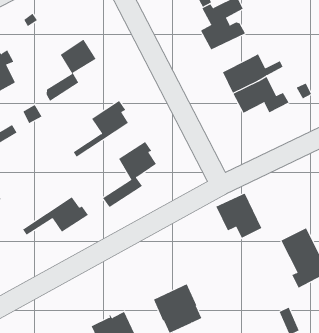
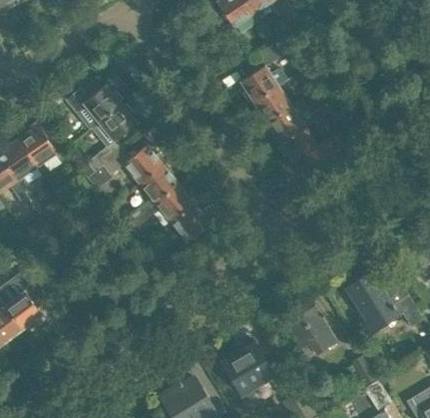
building: none -> [68,82,122,121]
building: none -> [254,69,308,121]
building: none -> [95,143,165,183]
building: [216,193,262,239] -> [286,307,336,354]
building: [20,197,89,236] -> [127,183,196,229]

